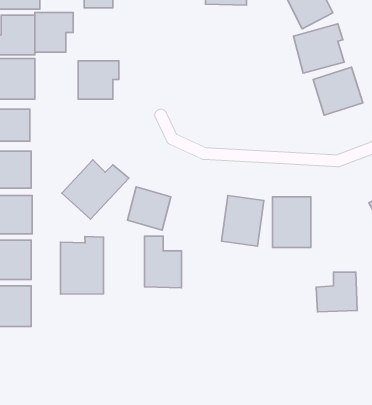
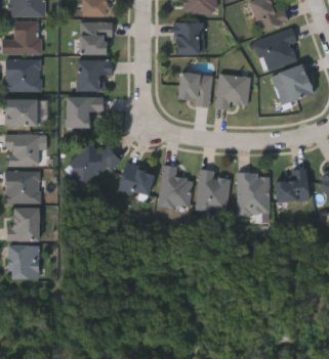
building: [35,13,73,52] -> [80,21,112,54]
building: none -> [173,23,203,54]
building: none -> [177,72,213,105]
building: none -> [216,74,250,108]
building: none -> [65,96,104,128]
building: [144,236,182,288] -> [161,165,192,208]
building: [61,237,104,294] -> none
building: [316,272,357,312] -> [275,169,309,201]

